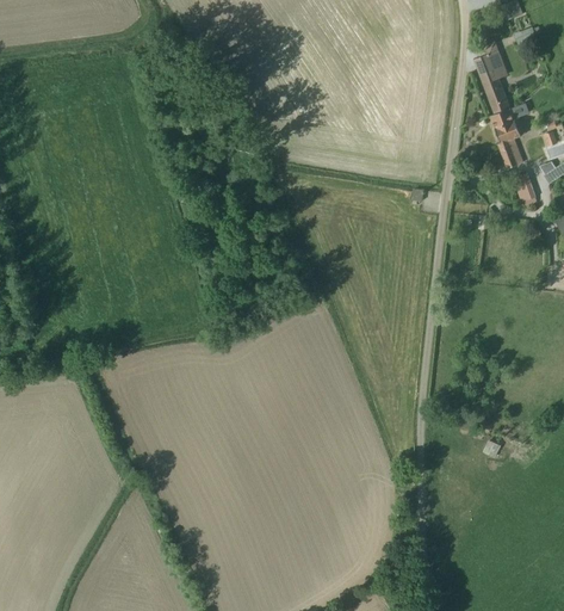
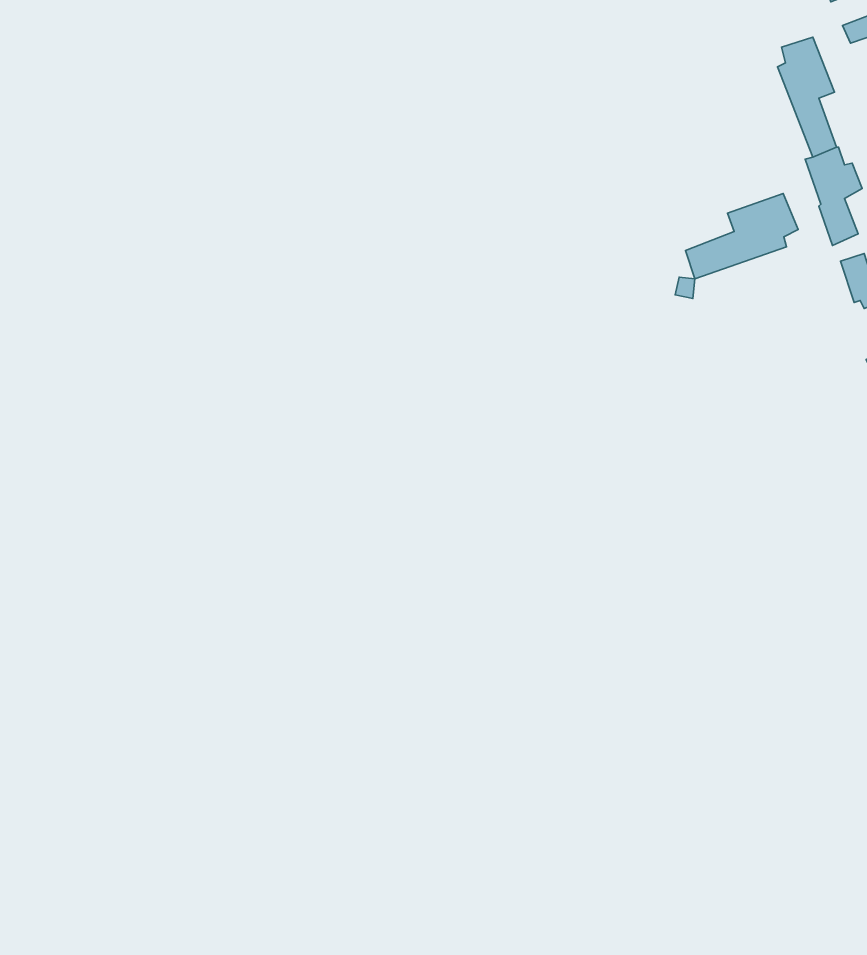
building: none -> [686,194,798,279]

